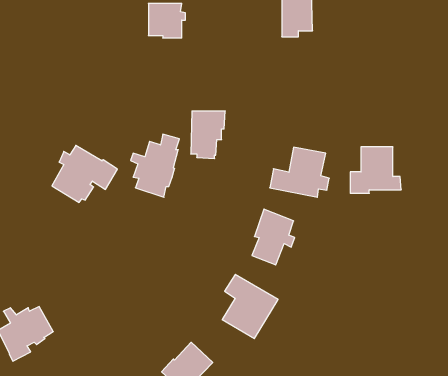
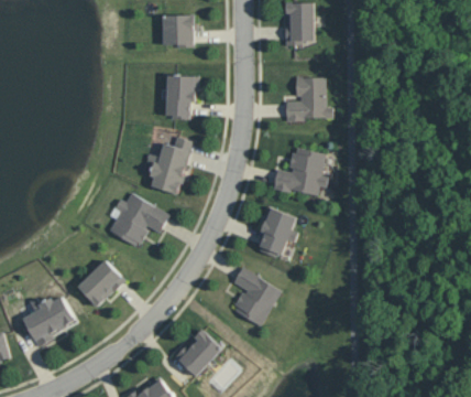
building: [191,111,225,159] -> [165,76,197,120]
building: [52,145,117,202] -> [108,193,168,246]
building: [350,147,401,193] -> [285,78,332,121]
building: none -> [77,260,124,308]

